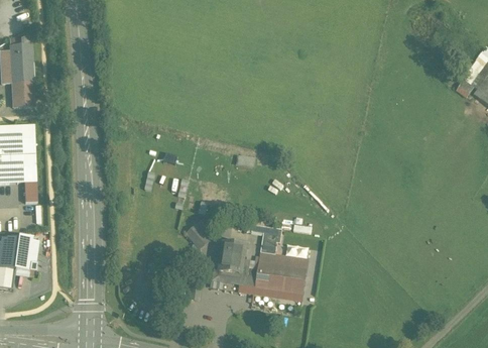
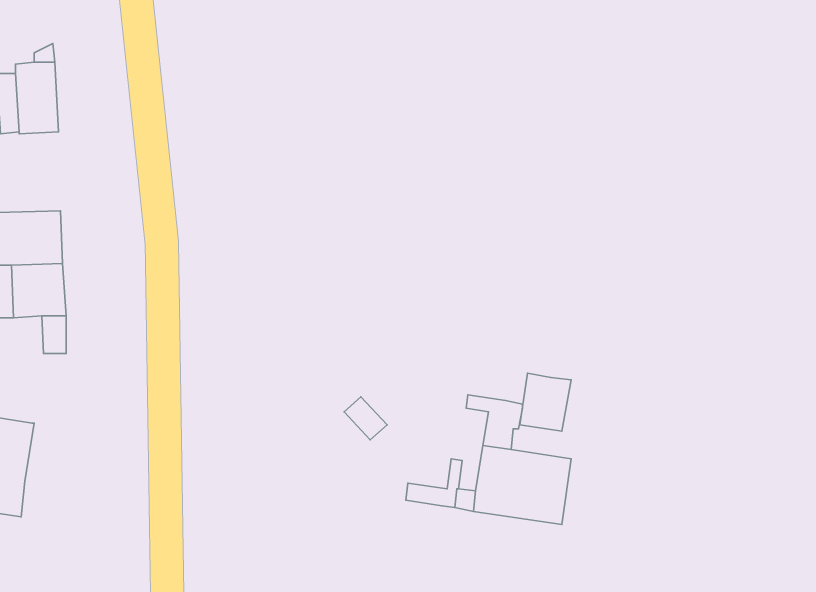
building: [11,83,33,108] -> none
building: none -> [520,373,571,431]
building: [14,237,37,273] -> none
building: [219,242,245,274] -> none

